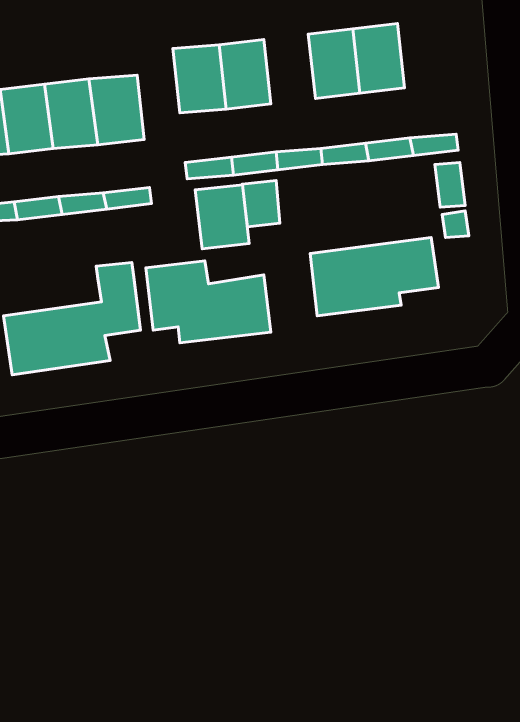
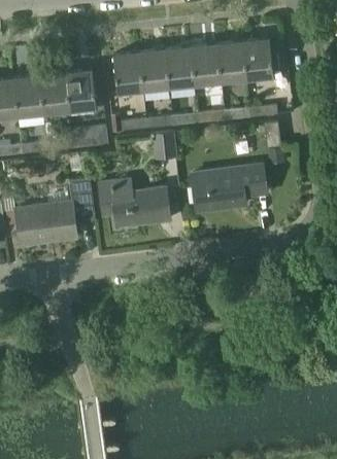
building: none -> [242,38,273,78]
building: none -> [165,47,195,87]
building: [195,185,249,249] -> none

